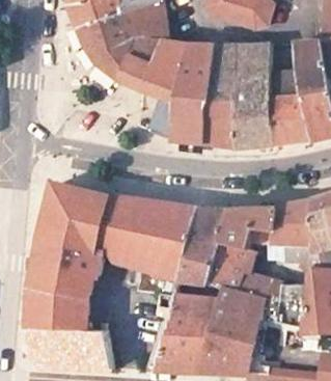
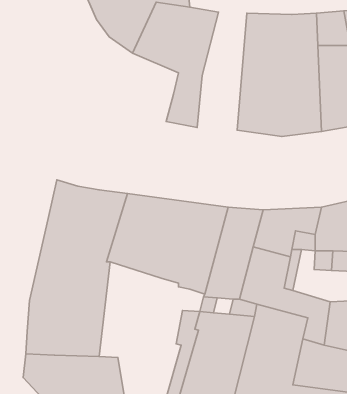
building: [171,44,213,142] -> none

